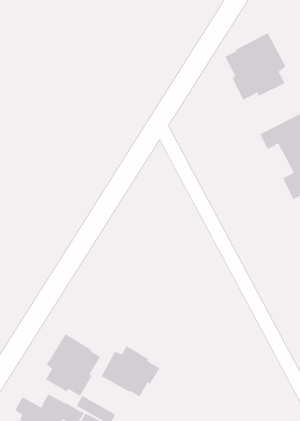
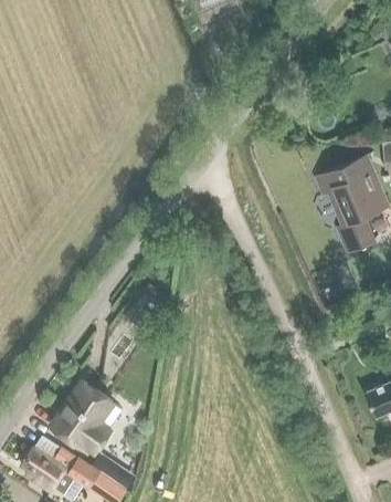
building: [224,32,286,101] -> none
building: [101,345,160,398] -> none

